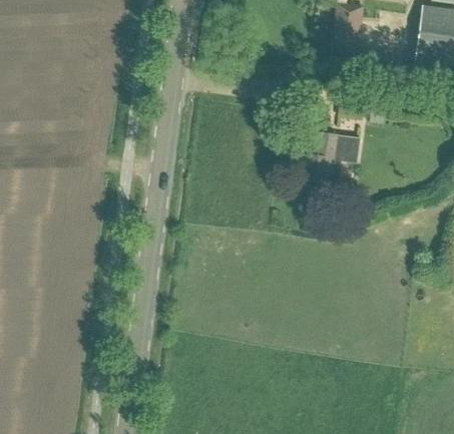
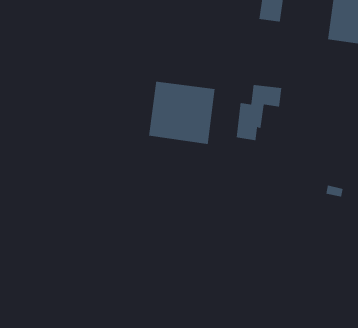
building: none -> [148,81,215,145]

